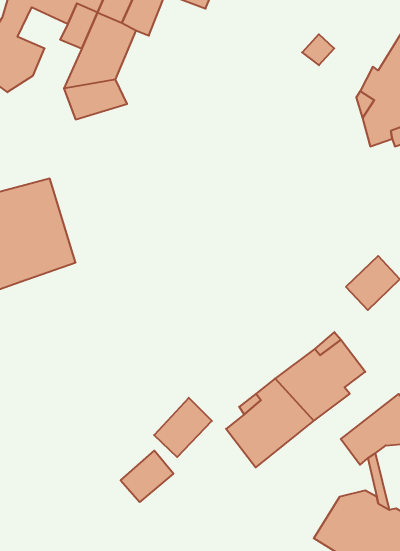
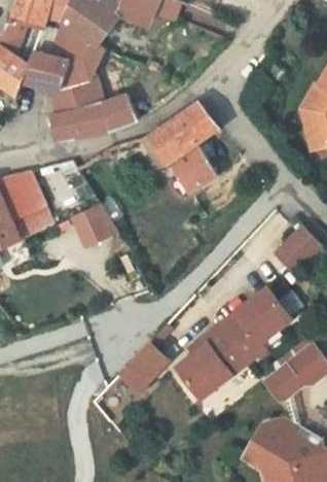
building: none -> [28,50,67,93]
building: none -> [51,100,131,143]
building: none -> [145,108,219,211]
building: none -> [73,200,119,243]

